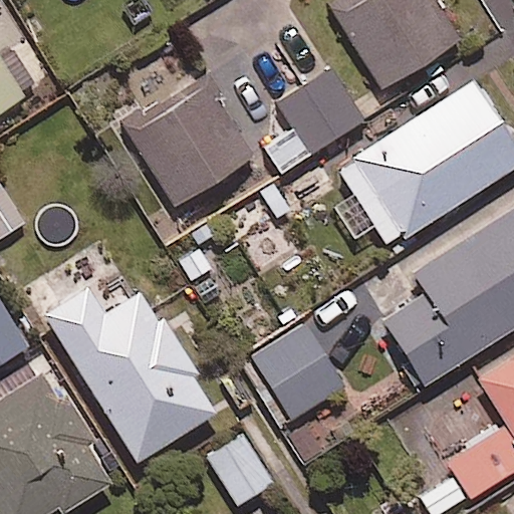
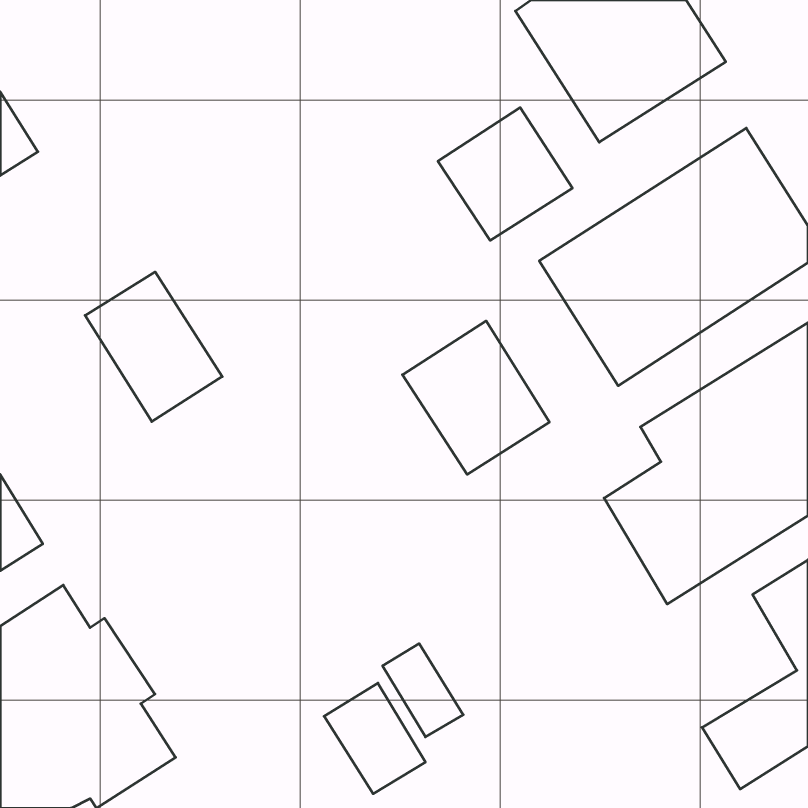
building: [126,79,256,207] -> none
building: none -> [85,272,222,422]
building: [43,289,216,463] -> none
building: [250,322,343,420] -> [402,321,549,474]

